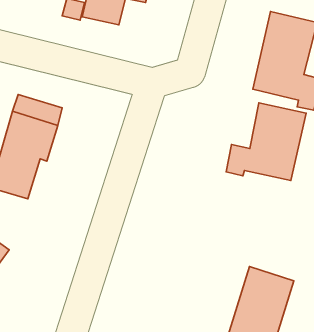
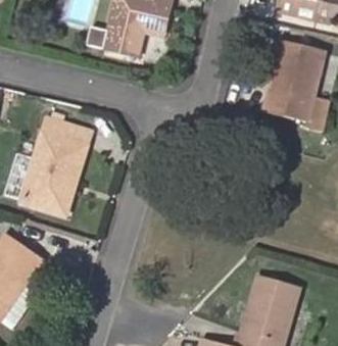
building: [226,103,306,180] -> none

